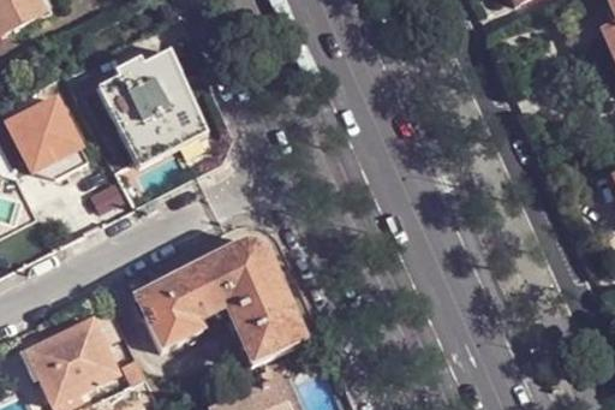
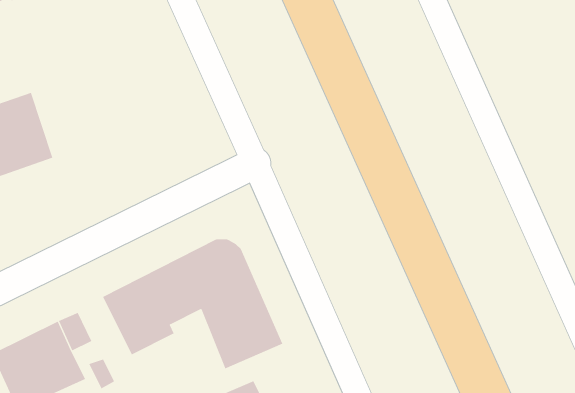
building: [100,48,209,167] -> none

